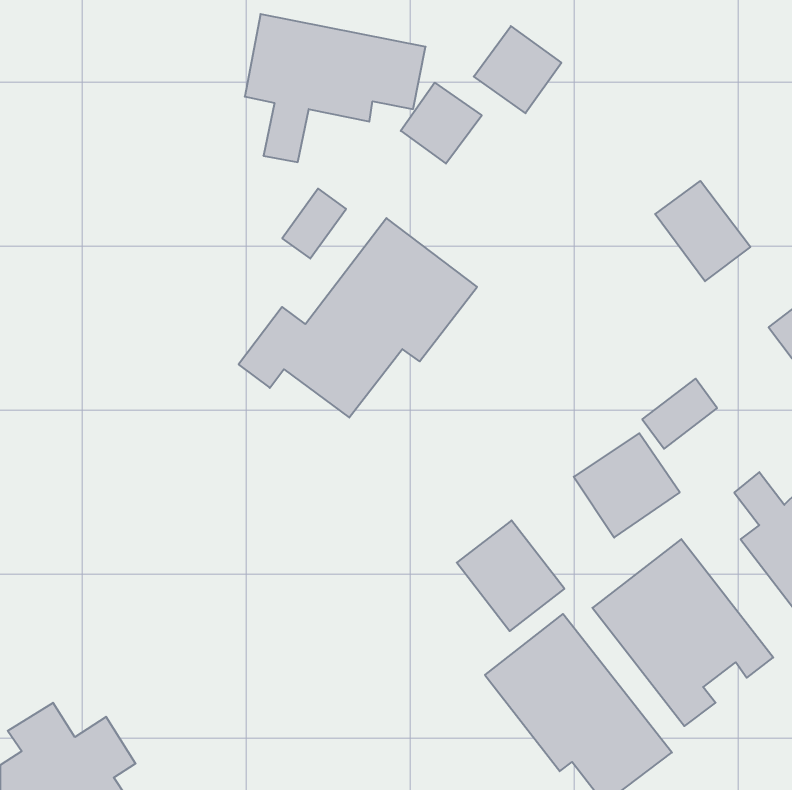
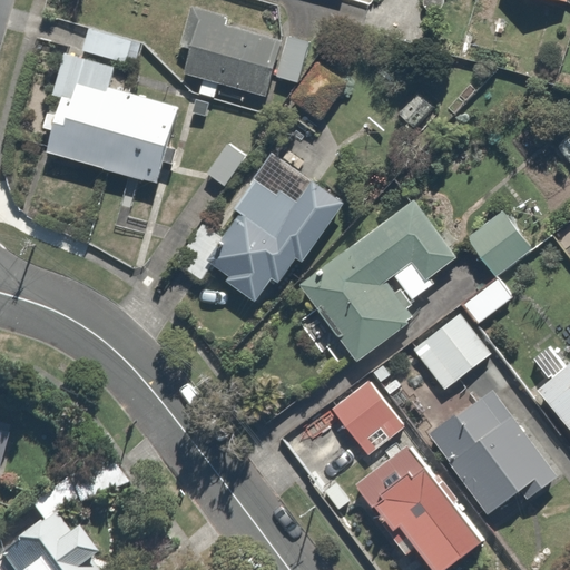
building: [474,26,561,113] -> none
building: none -> [57,28,179,176]
building: [655,181,750,281] -> none
building: none -> [298,196,527,361]

